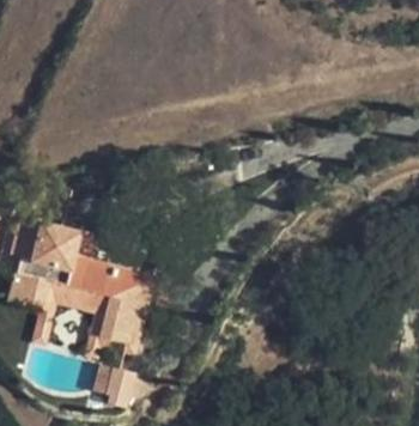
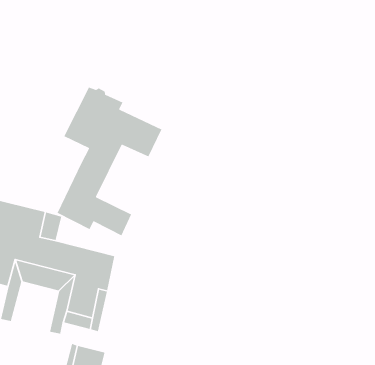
building: none -> [56,87,163,237]

